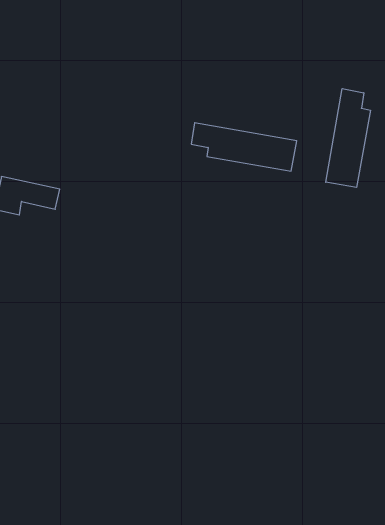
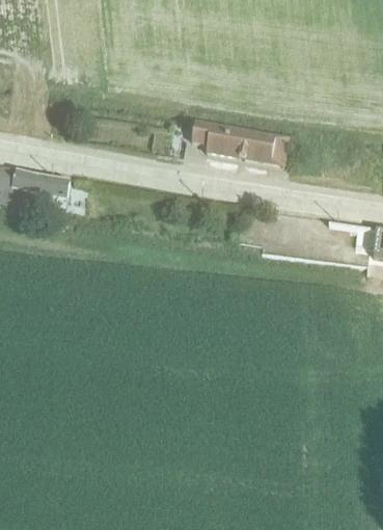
building: [326,89,370,187] -> none

